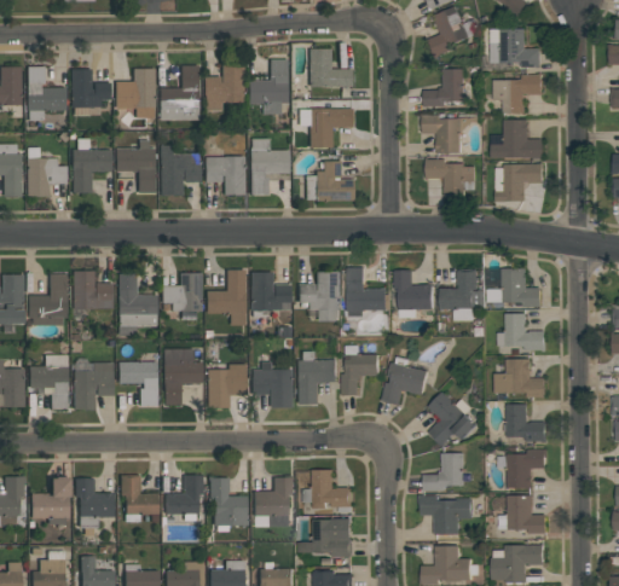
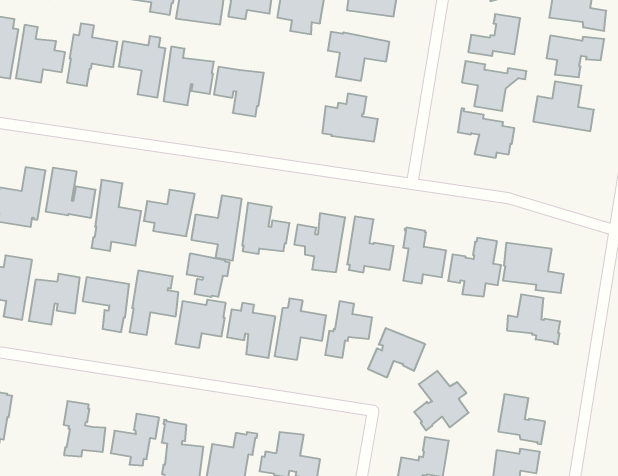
building: [249,138,290,196] -> none
building: [496,164,542,202] -> none
building: none -> [187,253,229,297]
building: [494,359,546,398] -> none
building: [74,478,114,527] -> none

